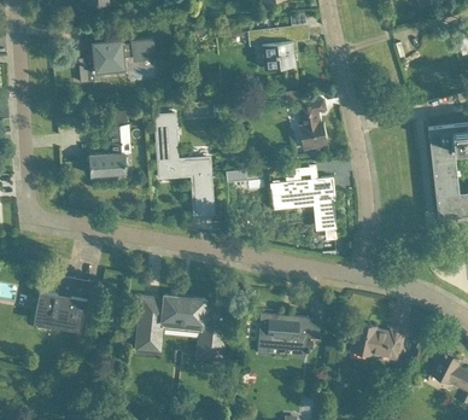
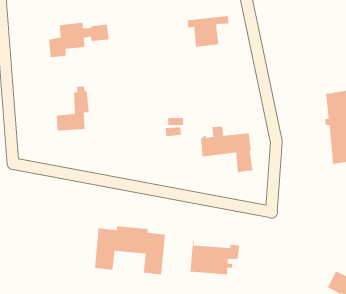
building: [298,100,326,151] -> none
building: [154,115,212,214] -> none
building: [34,276,89,332] -> none
building: [351,325,404,360] -> none

